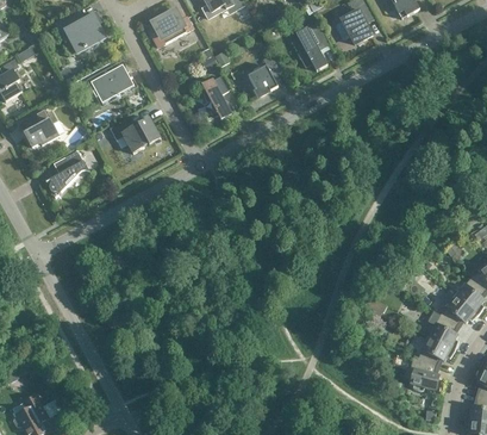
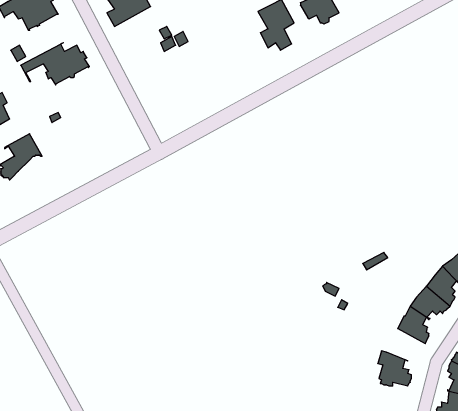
building: [246,64,277,95] -> none
building: [200,75,231,120] -> none
building: [108,116,160,153] -> none
building: [417,335,454,366] -> none

